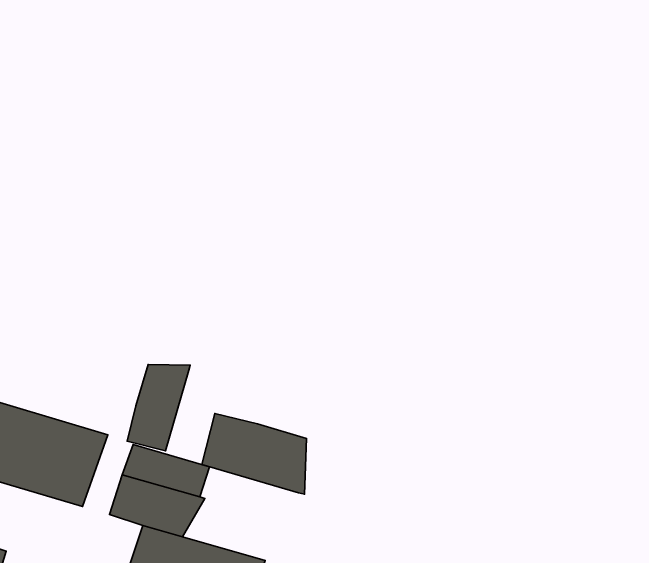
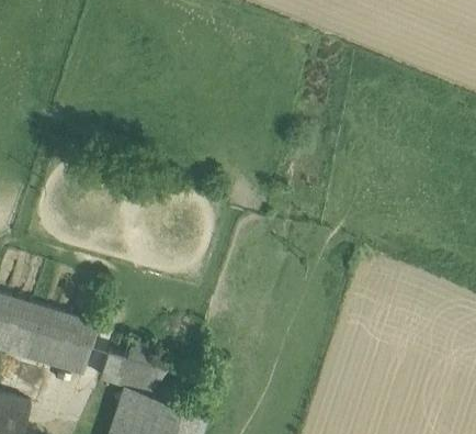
building: [127,365,190,451] -> none
building: [202,413,307,494] -> none

